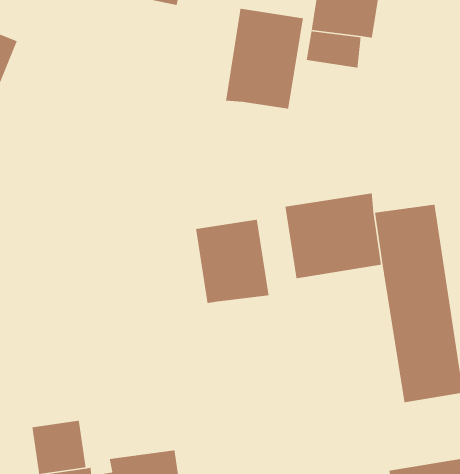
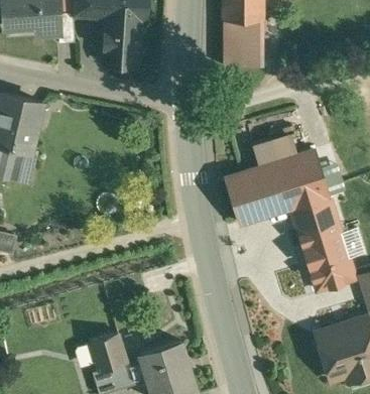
building: [225,8,304,110] -> none
building: none -> [252,134,293,165]
building: [195,219,269,304] -> none

